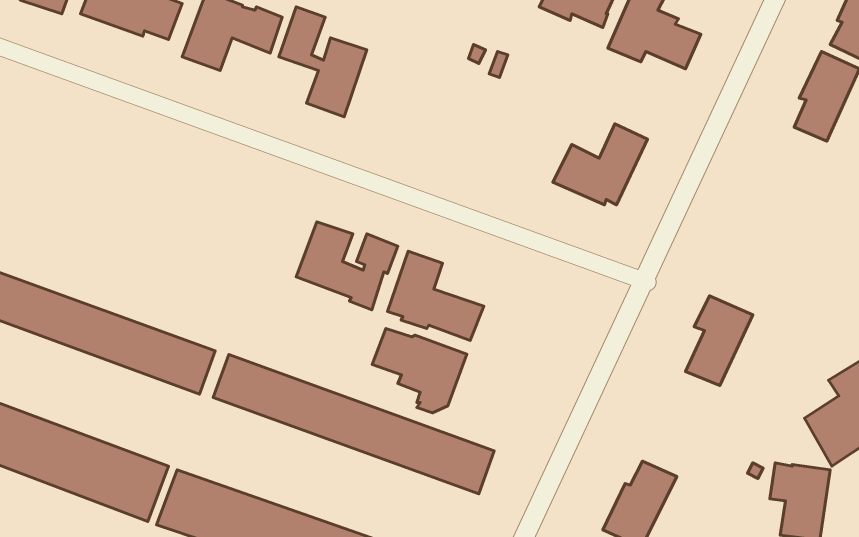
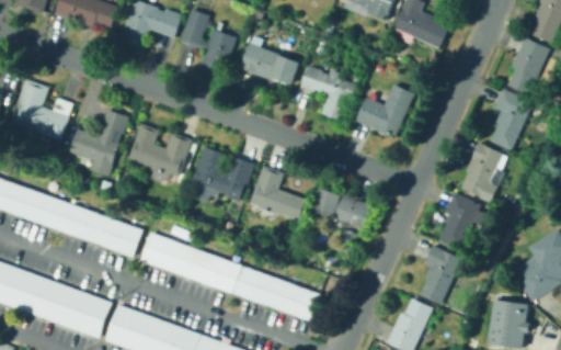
building: none -> [239,43,300,86]
building: none -> [299,65,360,121]
building: none -> [10,79,70,142]
building: none -> [490,88,534,150]
building: none -> [69,110,126,176]
building: none -> [127,122,192,177]
building: none -> [461,143,502,197]
building: [372,328,467,413] -> [311,189,371,242]
building: none -> [420,245,462,304]

